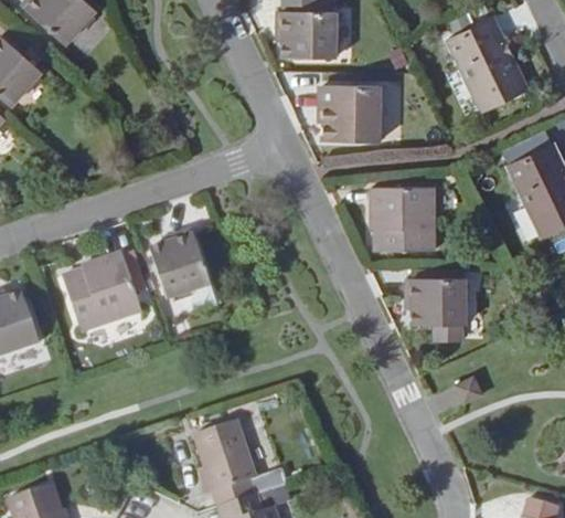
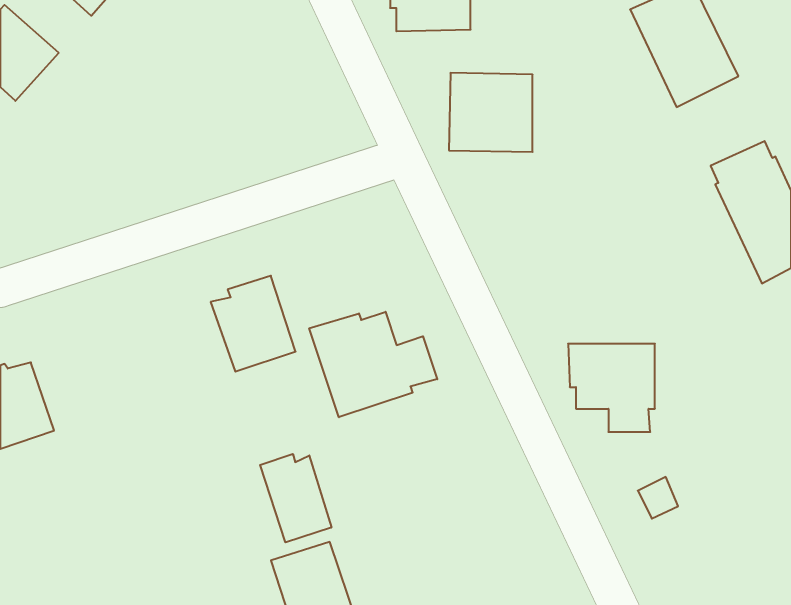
building: [371,188,433,252] -> none
building: [63,253,141,331] -> none
building: none -> [309,312,437,417]
building: none -> [260,454,331,542]

